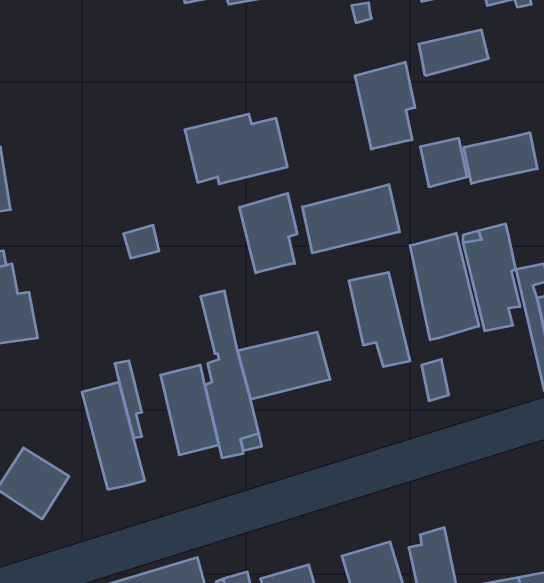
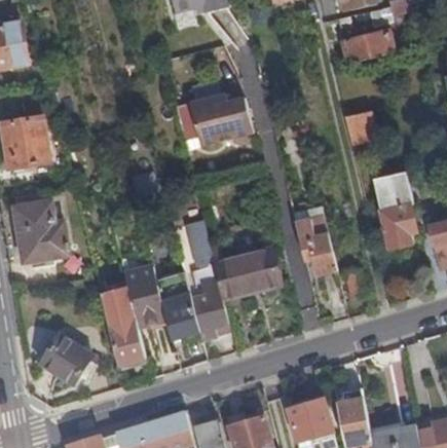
building: [355,62,415,149] -> none
building: [464,133,537,184] -> none
building: [302,184,400,253] -> none
building: [240,193,297,273] -> none
building: [410,233,479,340] -> none
building: none -> [135,265,166,325]

